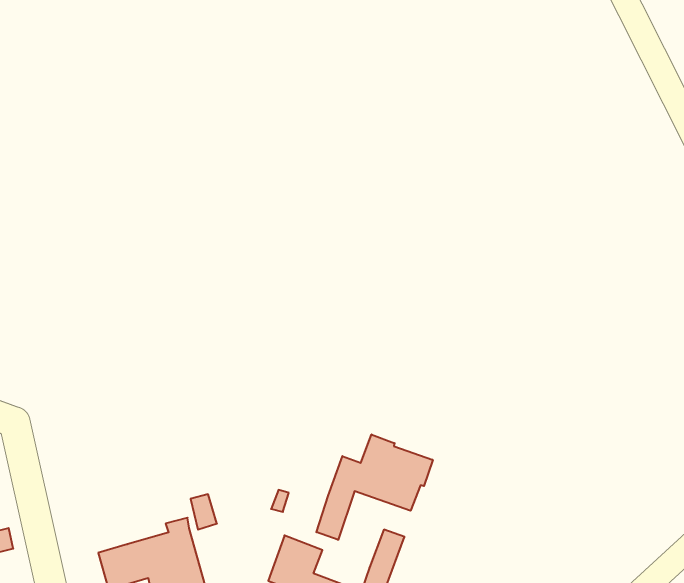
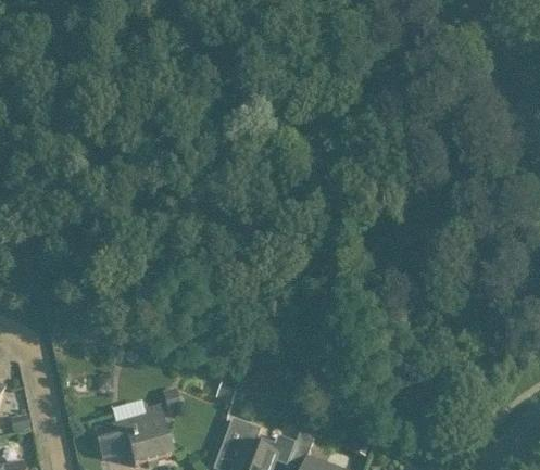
building: [316,434,433,540] -> none

